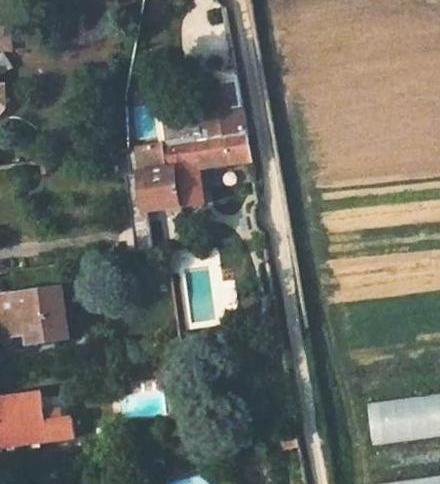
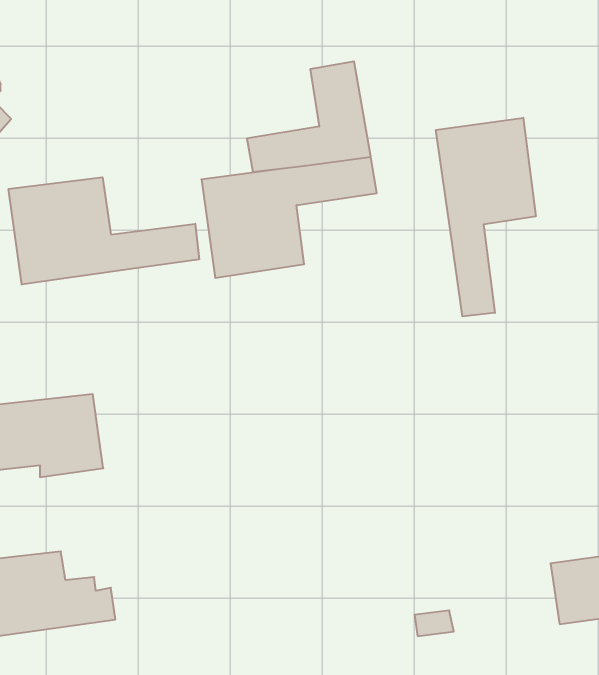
building: none -> [436,118,536,316]
building: none -> [9,177,199,285]

